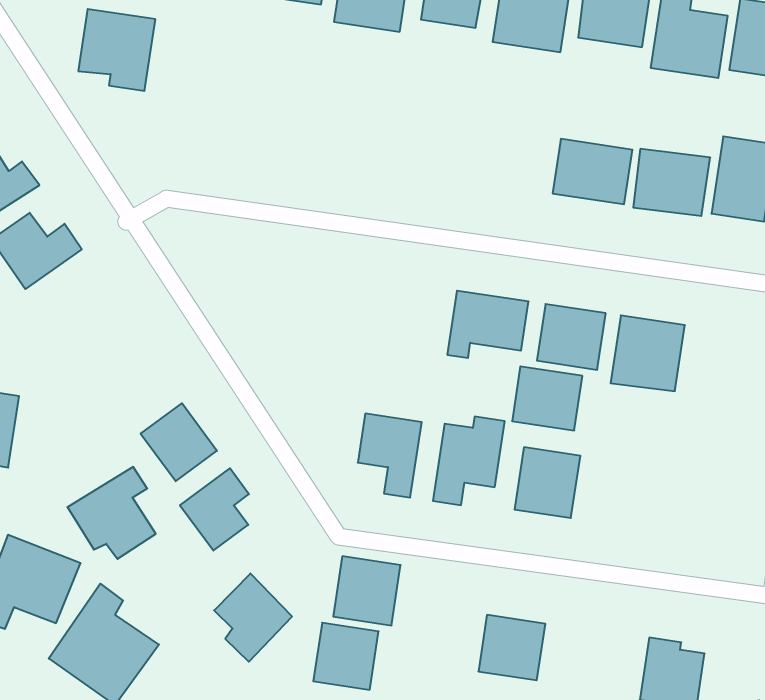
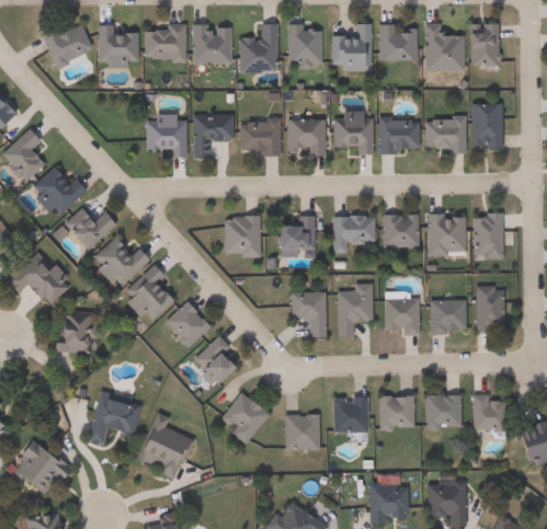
building: [78,9,155,91] -> [147,115,186,157]
building: none -> [193,115,235,157]
building: none -> [240,118,281,153]
building: none -> [288,118,326,154]
building: none -> [334,112,375,153]
building: none -> [225,216,261,255]
building: none -> [94,237,150,287]
building: none -> [276,215,316,253]
building: none -> [475,214,502,257]
building: [512,366,582,430] -> [430,299,466,331]
building: none -> [476,286,505,331]
building: [67,467,156,559] -> [119,265,172,319]
building: [333,556,401,625] -> [333,396,367,432]
building: none -> [426,394,460,427]

